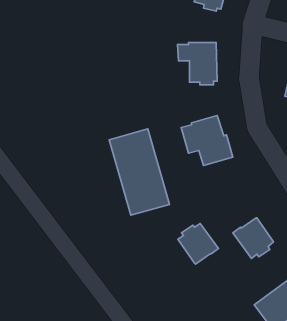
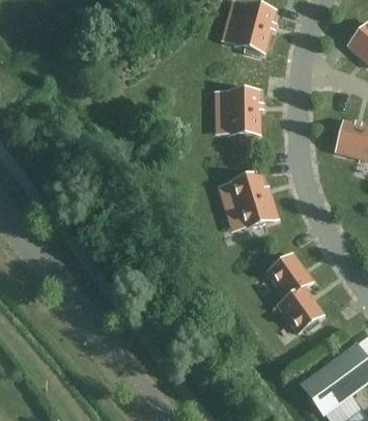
building: [109,129,170,215] -> none
building: [178,223,219,264] -> [266,252,312,298]

